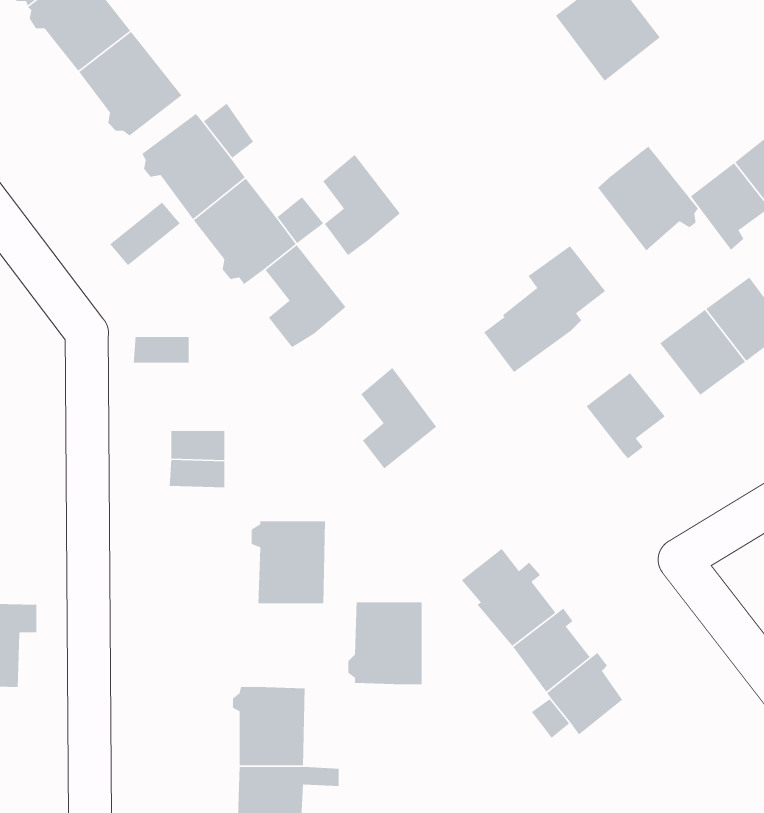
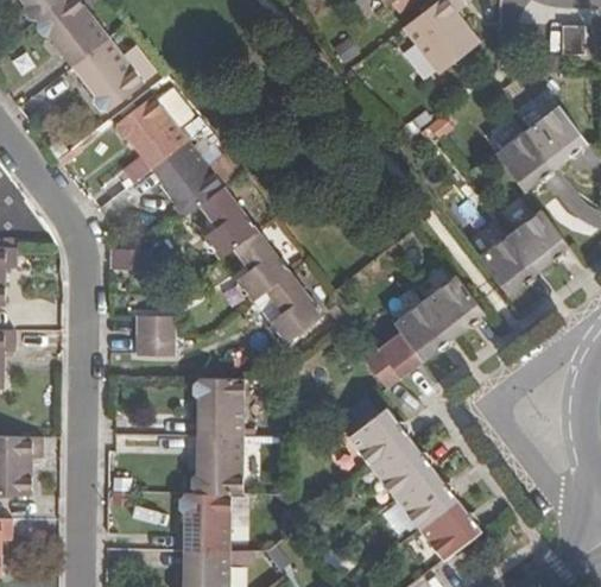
building: [597,146,699,252] -> none
building: [322,154,401,256] -> [235,231,290,302]
building: [483,245,606,373] -> [363,299,449,389]
building: [347,601,423,685] -> [190,437,242,496]
building: none -> [419,500,475,558]

